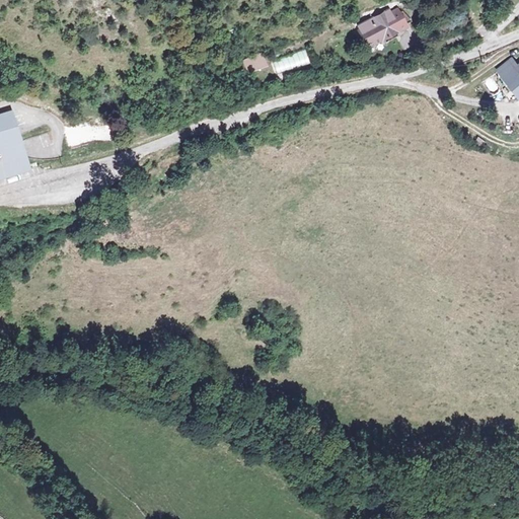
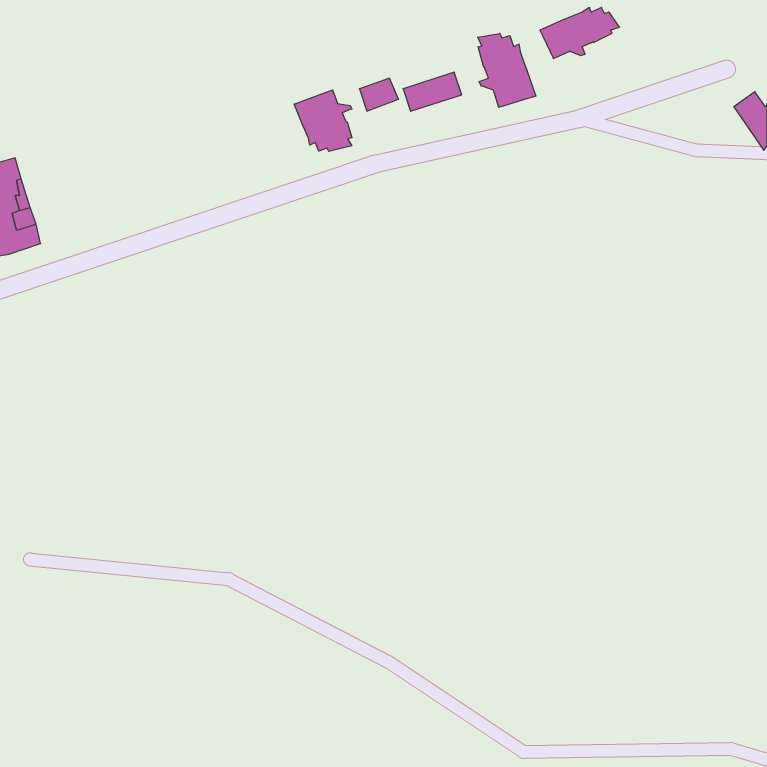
building: none -> [478,33,536,107]
building: none -> [294,90,352,151]

